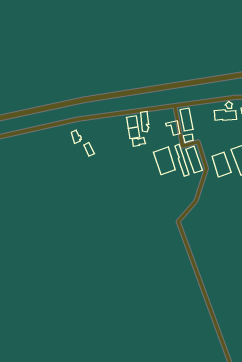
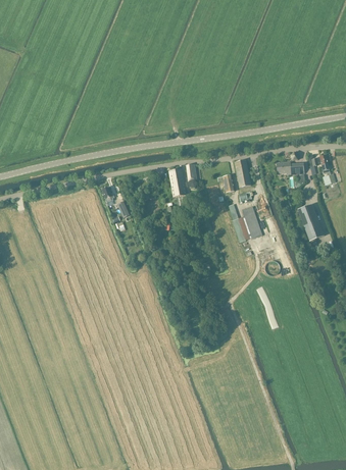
building: [153,147,175,175] -> none
building: [212,152,231,177] -> none

